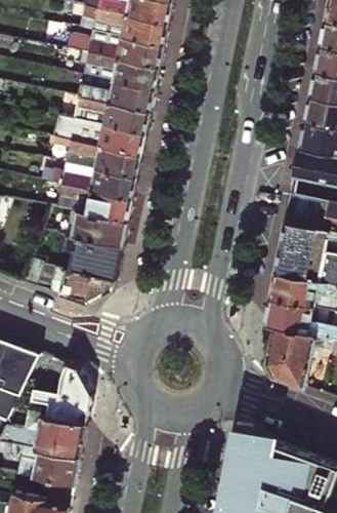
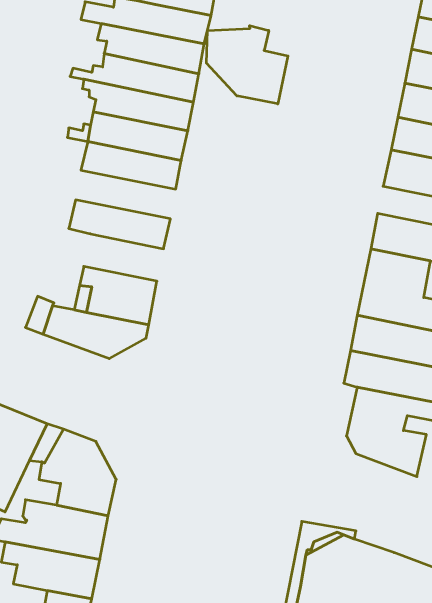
building: none -> [206,26,288,104]
building: [60,161,136,198] -> none
building: [67,209,127,245] -> none

